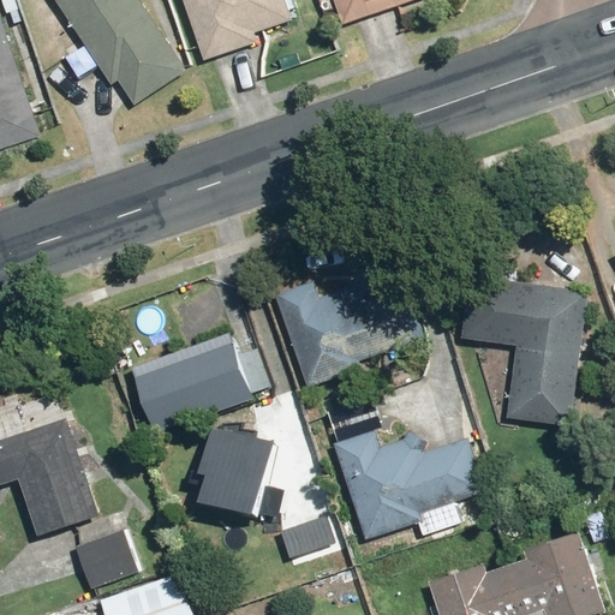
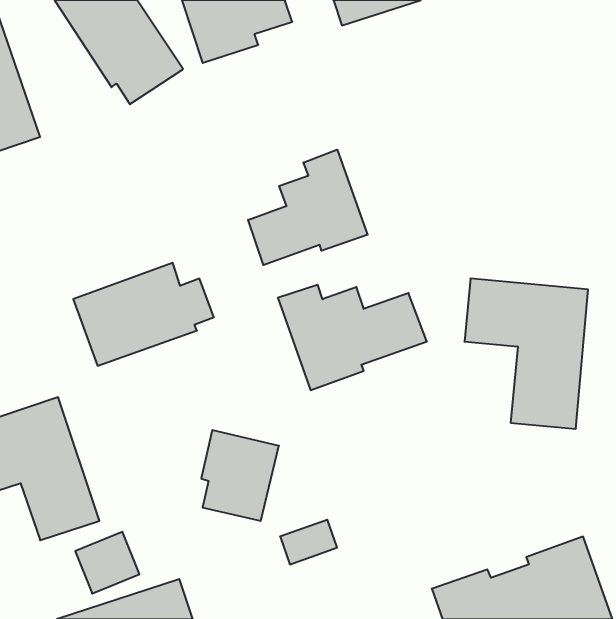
building: none -> [248,150,368,265]
building: [132,332,271,434] -> [73,263,214,366]
building: [332,430,492,538] -> none

